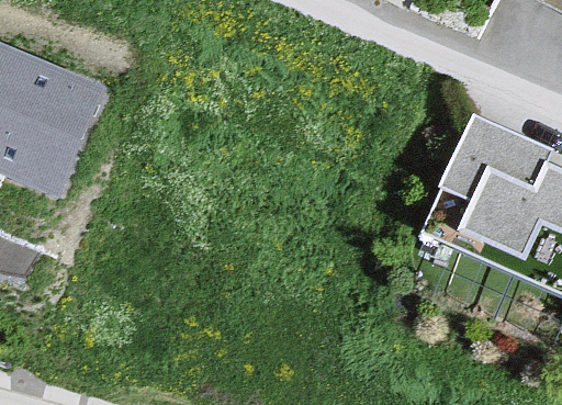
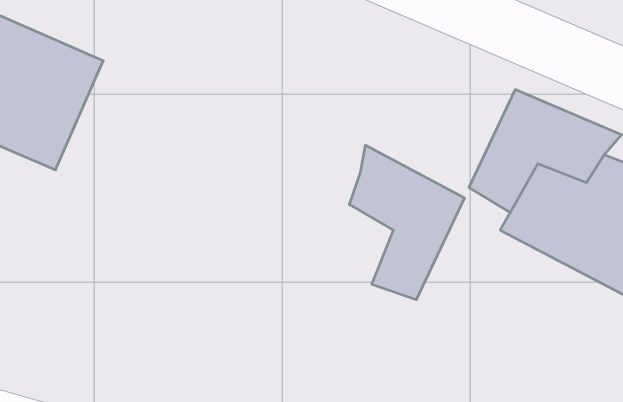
building: none -> [349,145,464,300]

